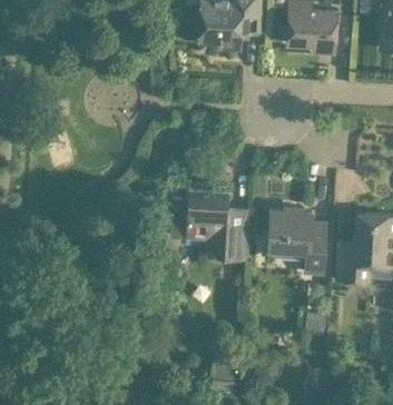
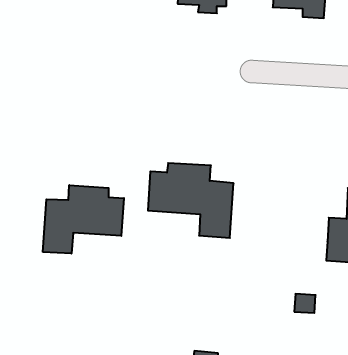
building: [265,208,325,275] -> none
building: none -> [43,185,124,254]

